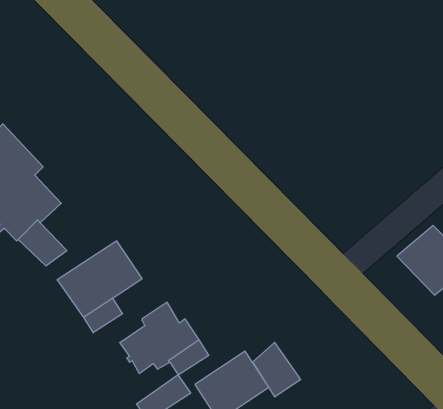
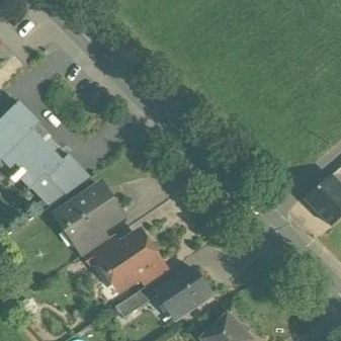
building: none -> [45,153,89,193]
building: none -> [84,234,120,263]
building: [253,342,301,397] -> none

